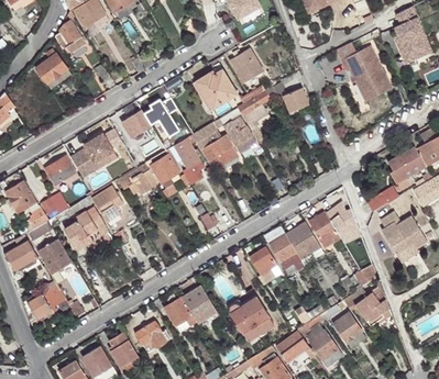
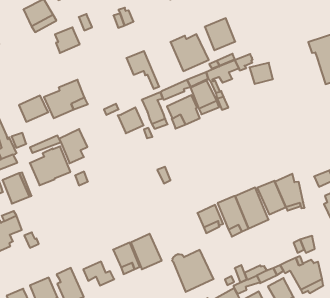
building: [123,111,151,140] -> [55,27,80,53]
building: [118,165,157,196] -> none

